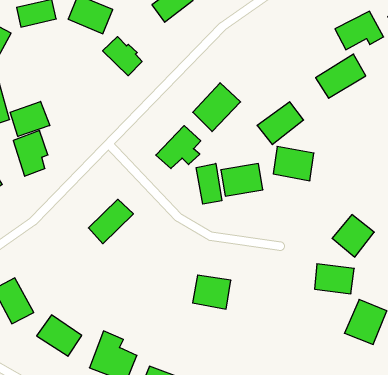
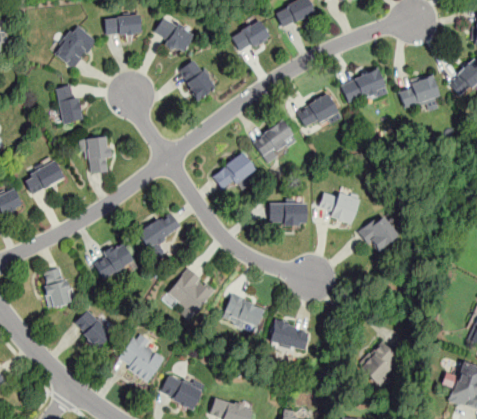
building: [316,54,366,98] -> [341,68,388,105]
building: [10,101,50,137] -> none
building: [257,102,304,145] -> [296,93,340,130]
building: [196,163,222,204] -> none
building: [332,215,374,257] -> [359,214,399,254]
building: none -> [92,242,135,281]
building: none -> [164,267,216,319]
building: [315,264,354,294] -> [270,319,310,352]

